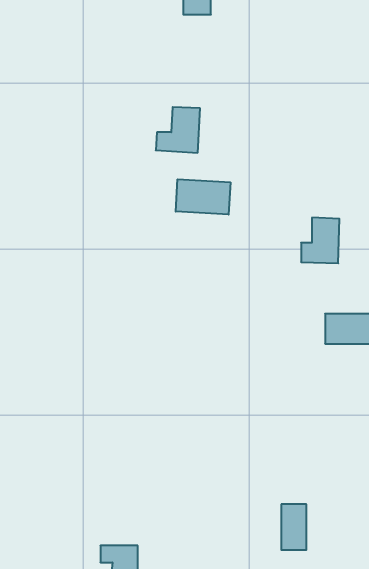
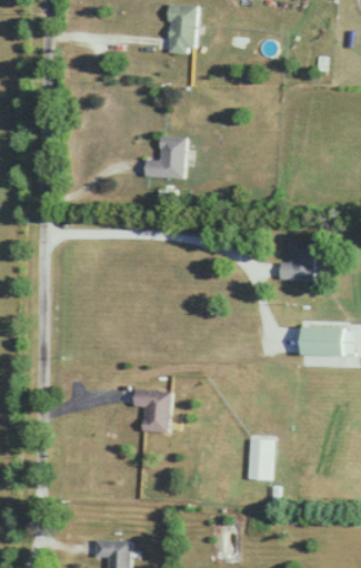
building: [176,179,230,215] -> none
building: none -> [132,390,169,433]
building: [281,504,306,550] -> [248,438,271,480]

